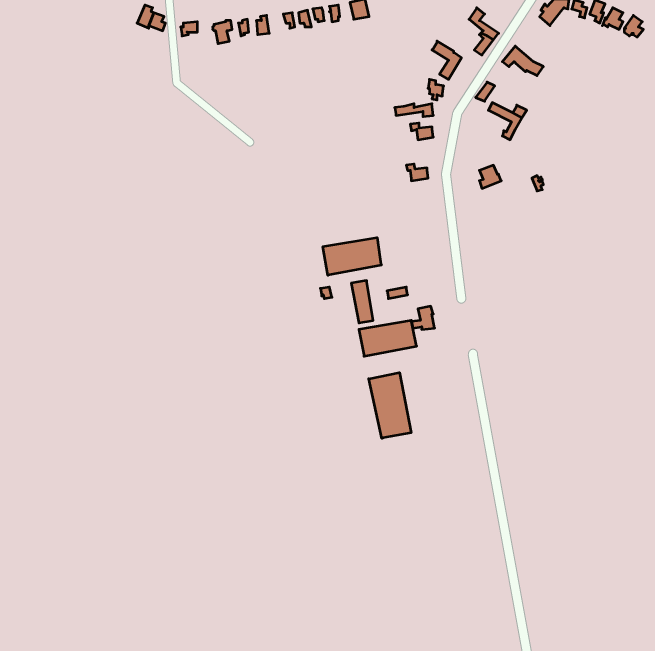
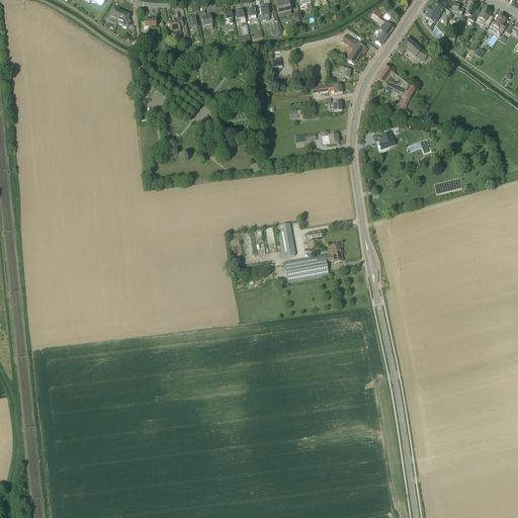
building: [323,238,381,275] -> none
building: [369,373,411,438] -> none

